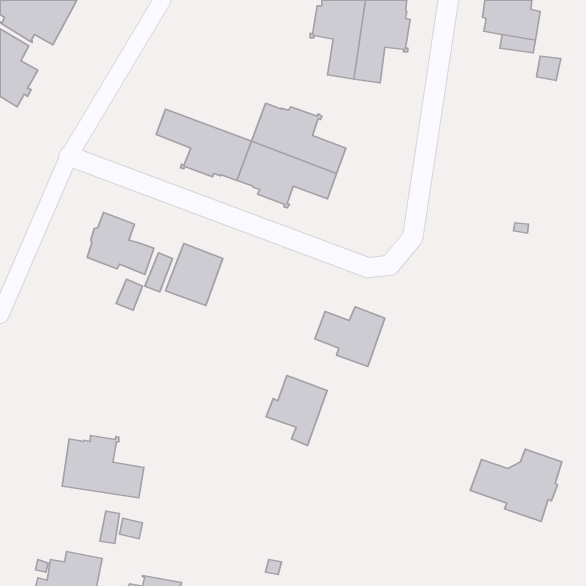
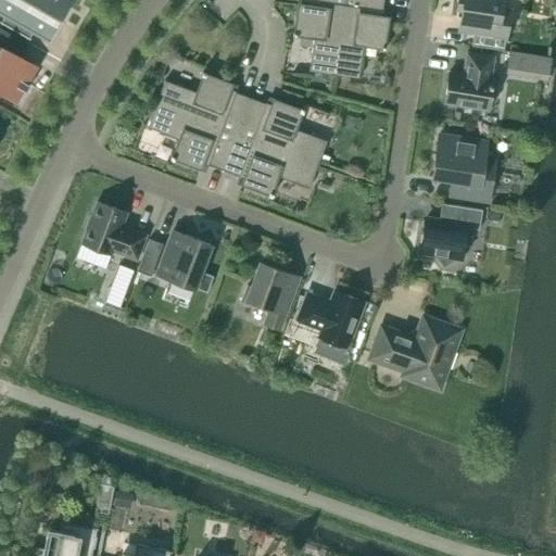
building: none -> [445,53,497,111]
building: none -> [157,72,252,135]
building: none -> [433,135,496,202]
building: none -> [422,204,483,267]
building: [266,376,327,446] -> [242,264,300,330]
building: [62,436,144,498] -> none
building: [470,449,562,521] -> [372,319,459,388]

